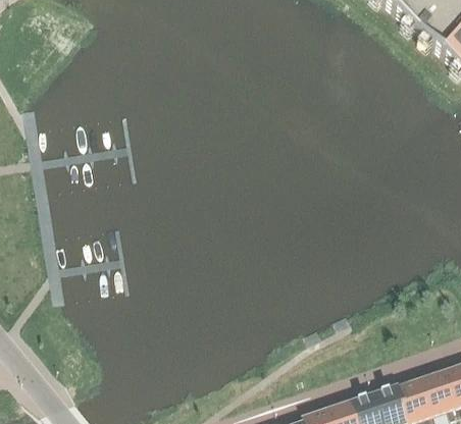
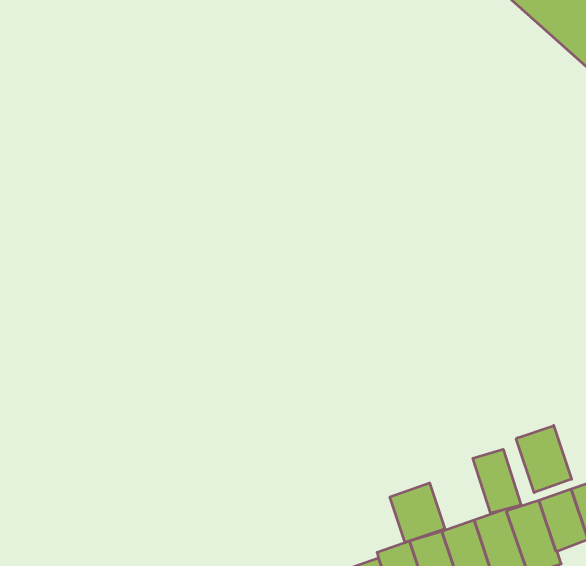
building: none -> [516,425,572,493]
building: none -> [473,449,521,514]
building: none -> [390,483,445,543]

